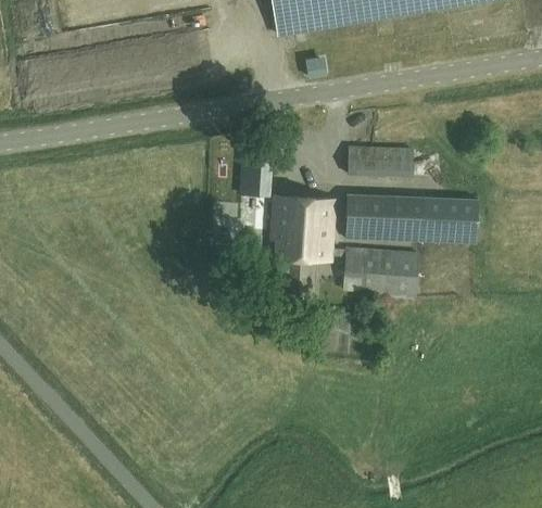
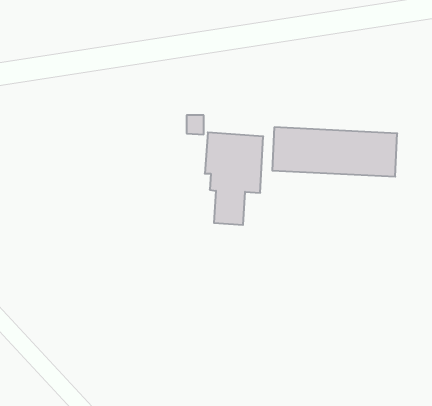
building: [346,138,414,177] -> none
building: [343,247,419,297] -> none

